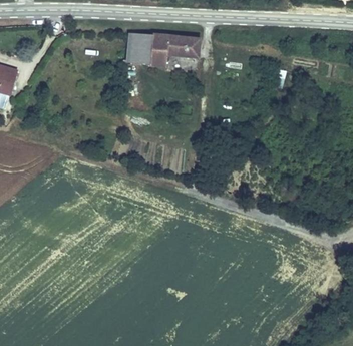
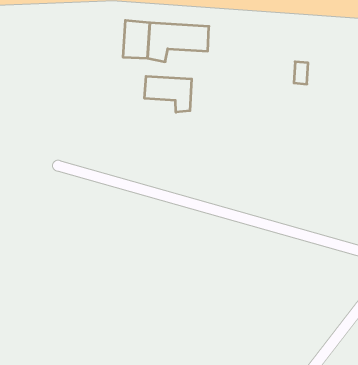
building: none -> [145,76,192,112]

